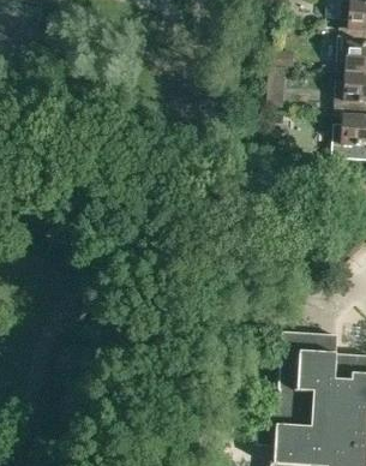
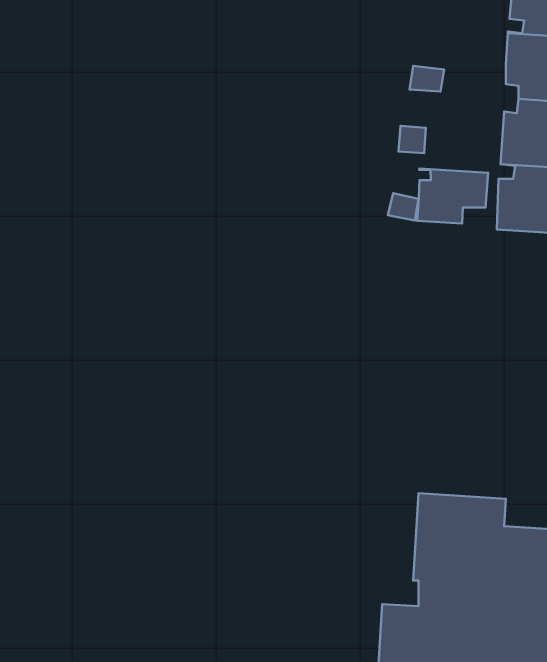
building: none -> [417,169,488,224]

